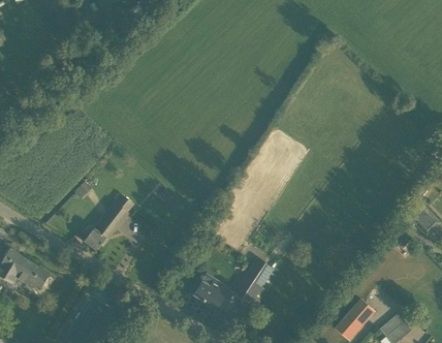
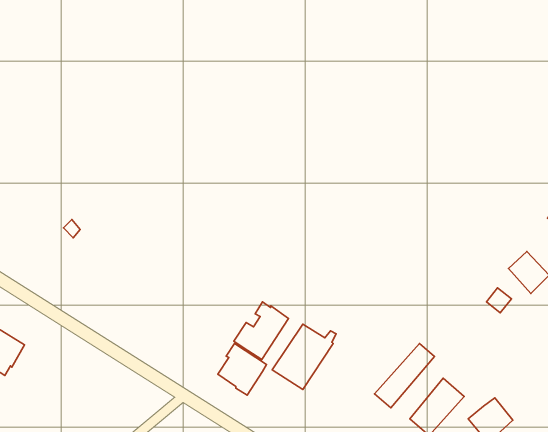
building: [84,193,133,250] -> none
building: none -> [234,302,289,359]
building: none -> [375,343,434,408]

